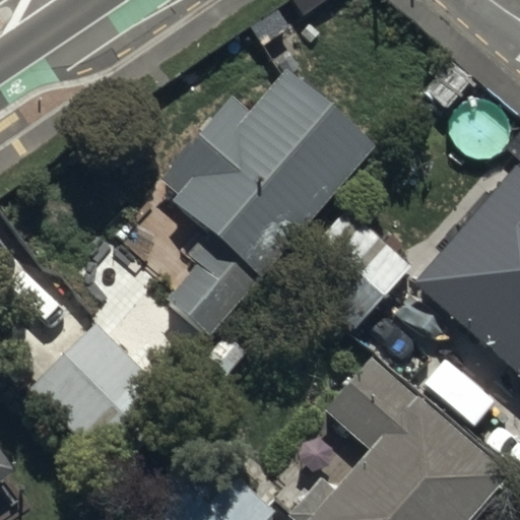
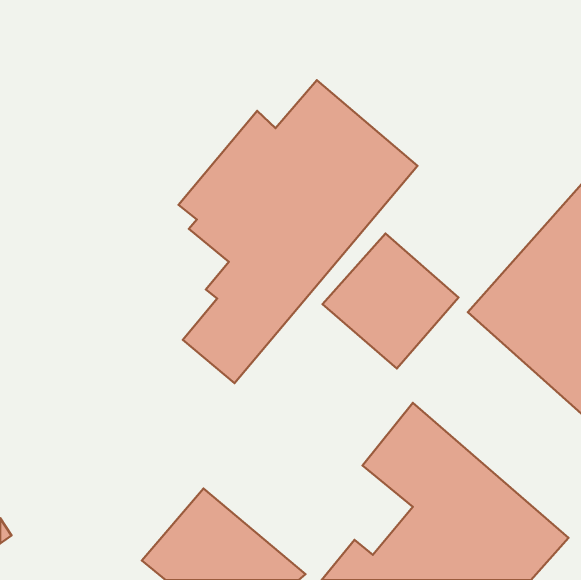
building: [26,322,161,457] -> none

